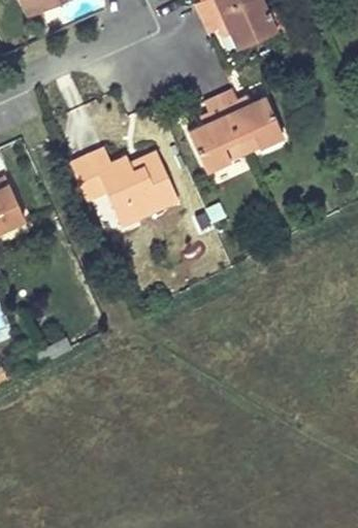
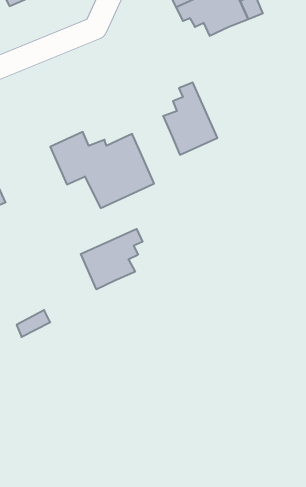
building: [219,90,284,154] -> none
building: none -> [81,229,143,289]

